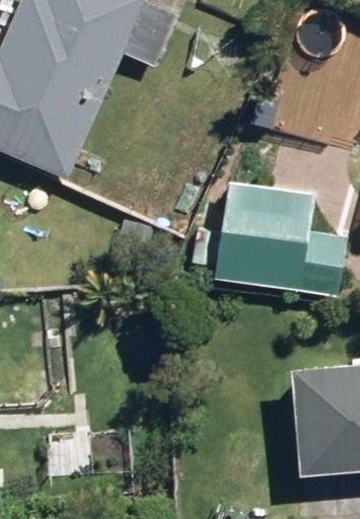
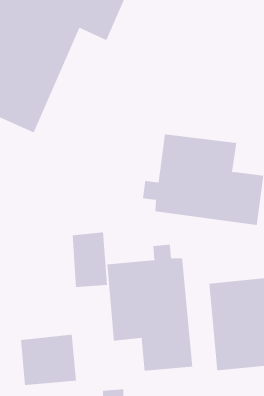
building: none -> [107,244,193,372]

